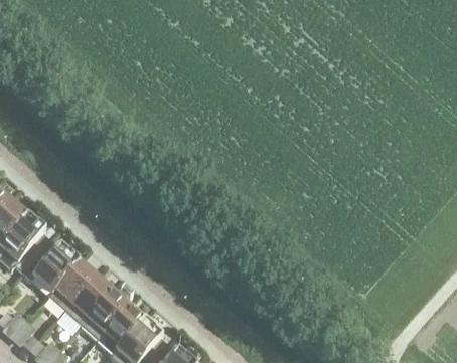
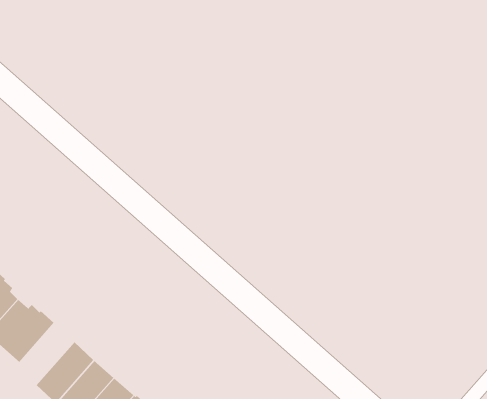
building: [53,265,101,316] -> none

